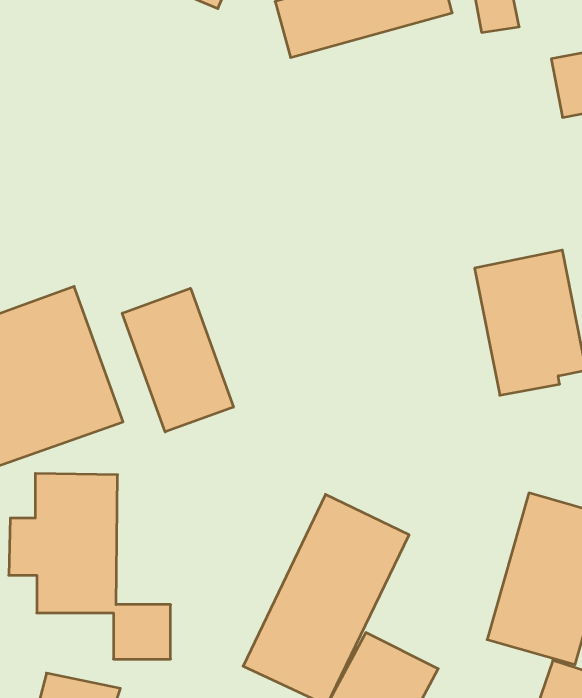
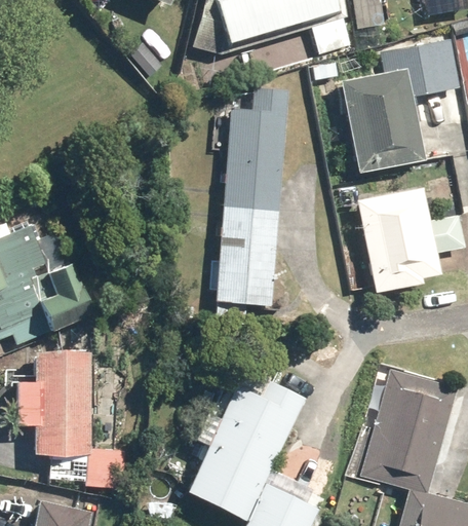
building: none -> [338,71,420,176]
building: none -> [215,86,290,309]
building: [122,288,233,432] -> none

